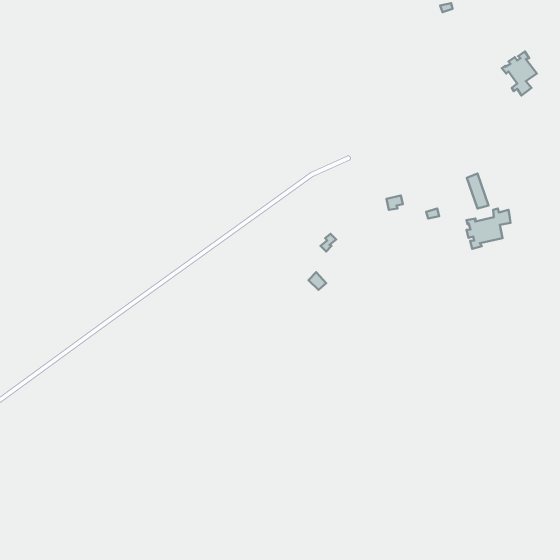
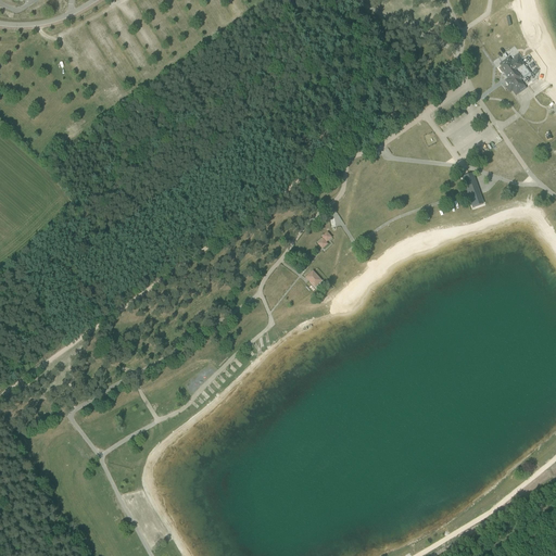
building: [466,209,510,249] -> none

